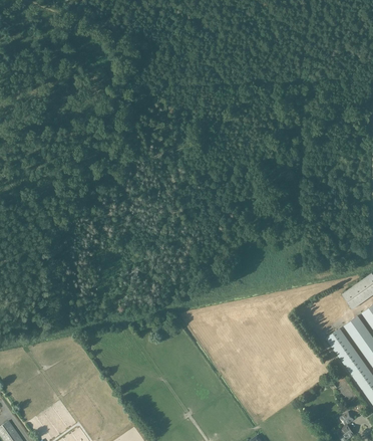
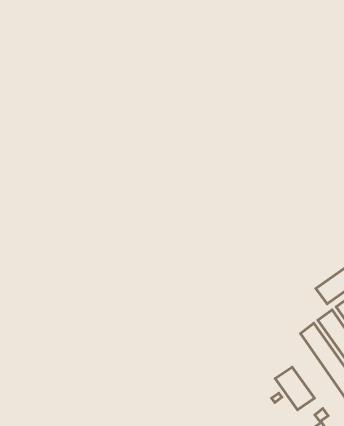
building: none -> [275,367,314,410]

